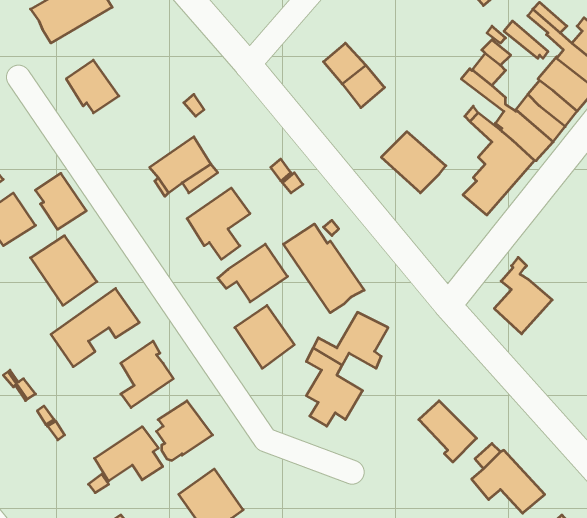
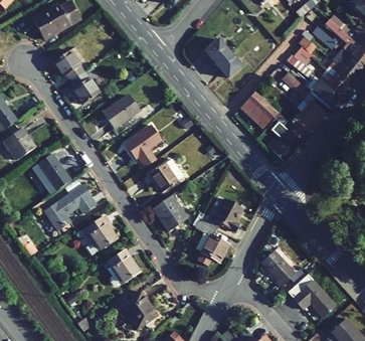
building: [35,173,86,229] -> [69,70,100,104]
building: [283,224,364,313] -> none
building: [494,257,552,334] -> [267,116,302,161]
building: [94,427,163,481] -> none

